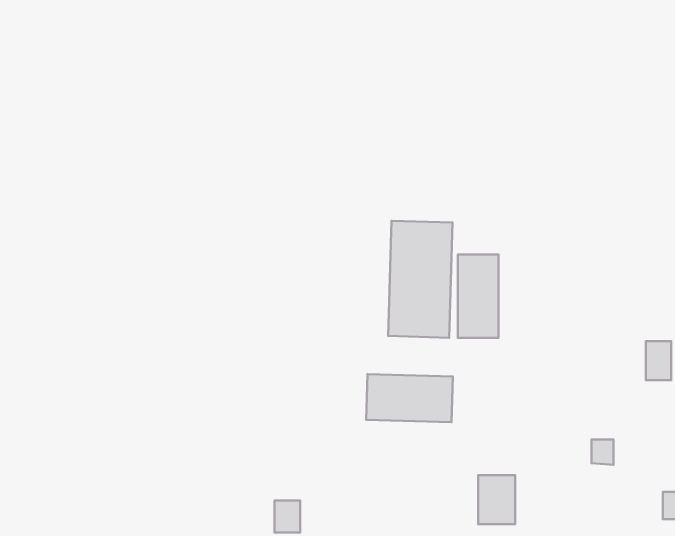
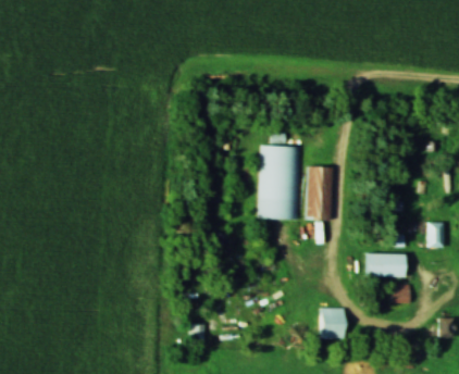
building: [366,374,453,422] -> none
building: none -> [364,253,401,275]

